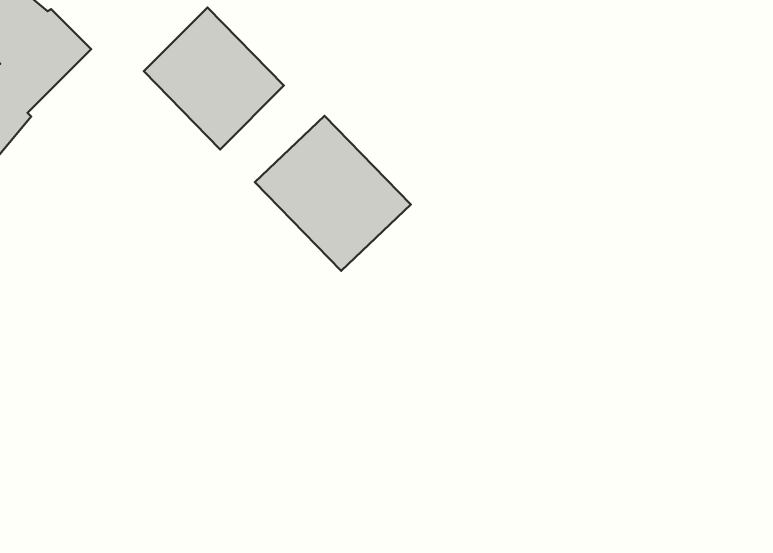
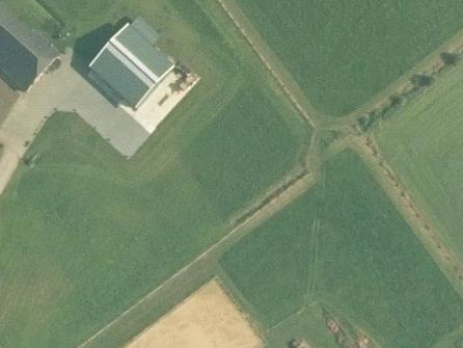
building: [255,116,411,271] -> none

